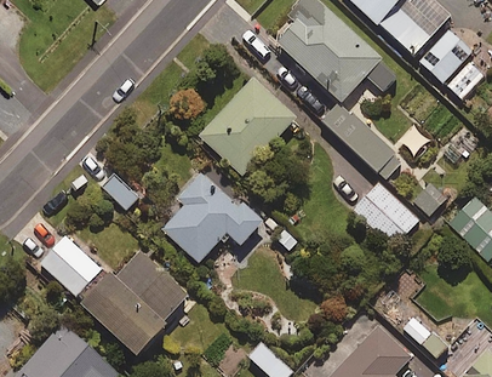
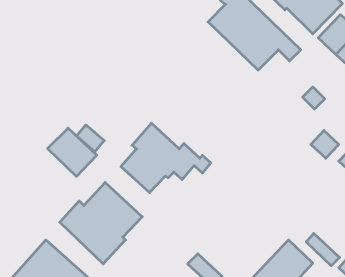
building: [199,78,297,177] -> none
building: [317,101,401,181] -> none
building: [354,183,419,247] -> none
building: [38,234,102,297] -> [48,128,97,176]

